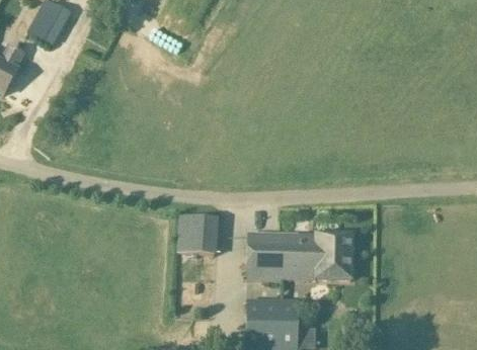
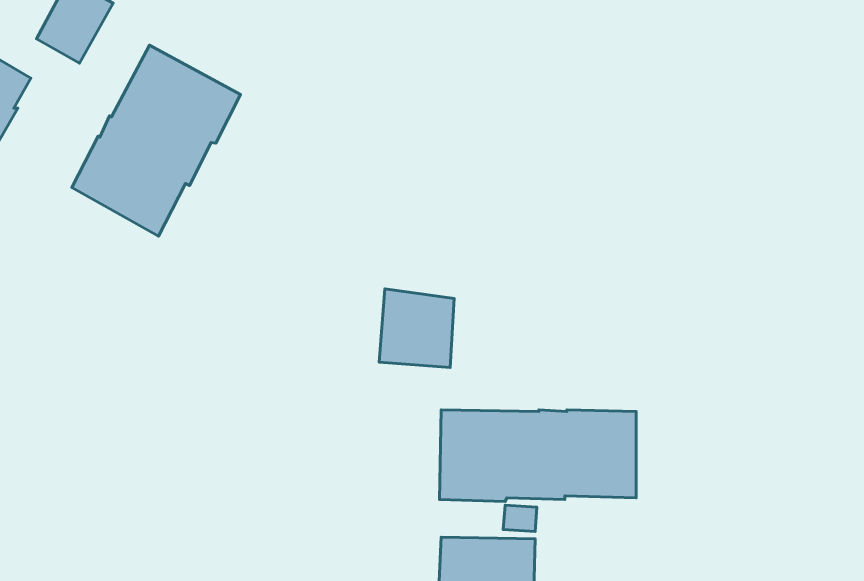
building: none -> [72,45,241,236]
building: [177,212,218,255] -> [379,289,454,368]

